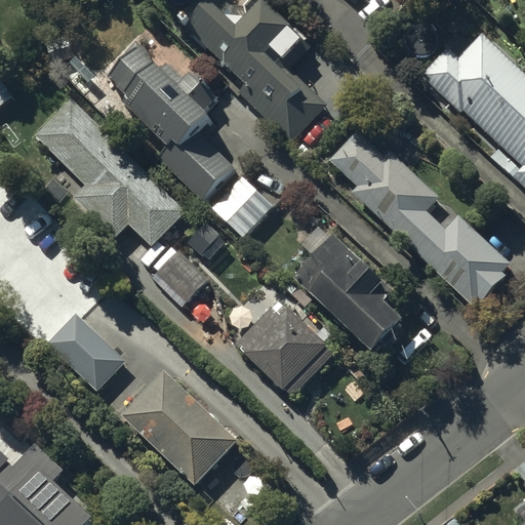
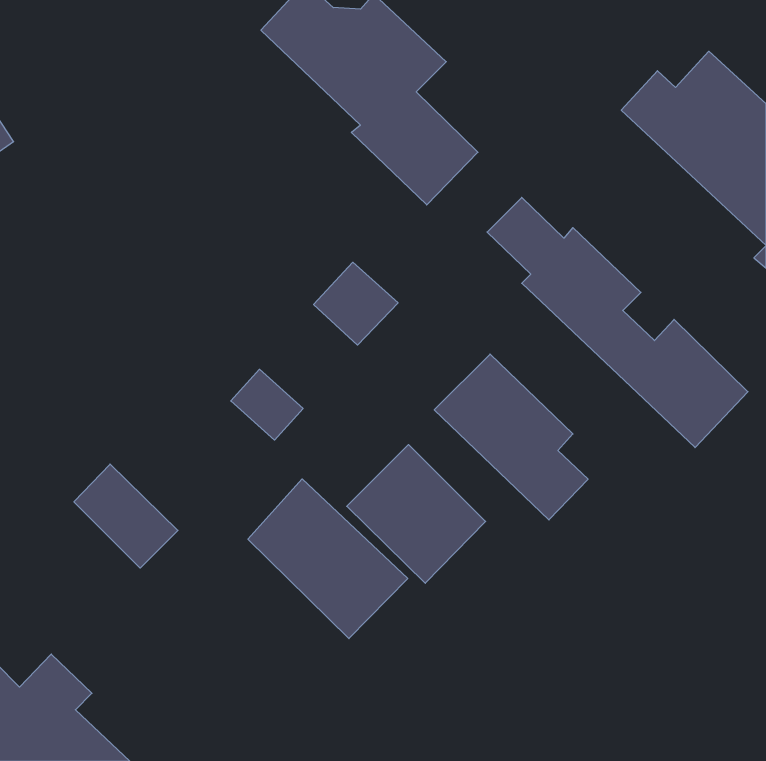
building: [108,48,232,197] -> none
building: [37,103,180,242] -> none
building: [126,374,235,483] -> [248,479,408,639]

